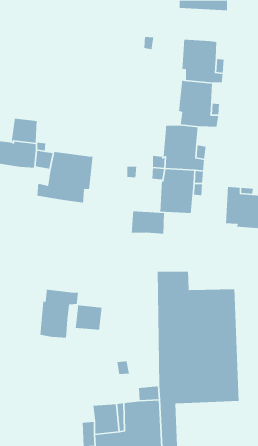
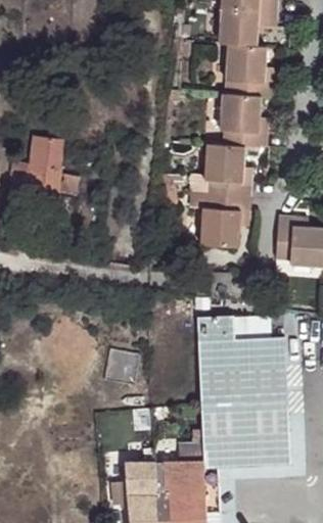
building: none -> [221,10,278,47]
building: [36,151,94,203] -> none
building: [131,211,165,235] -> none
building: [39,289,79,339] -> none

